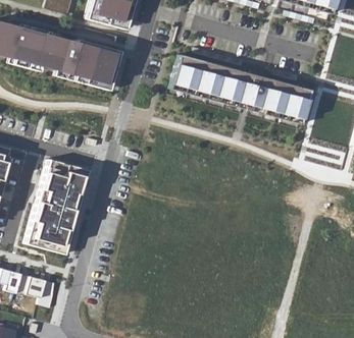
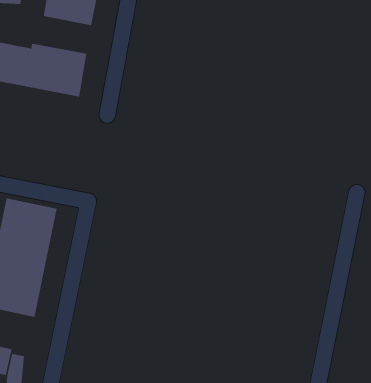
building: [172,56,311,123] -> none

